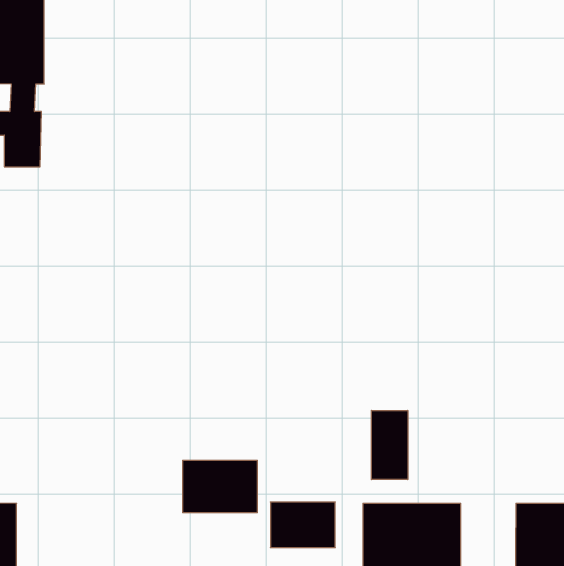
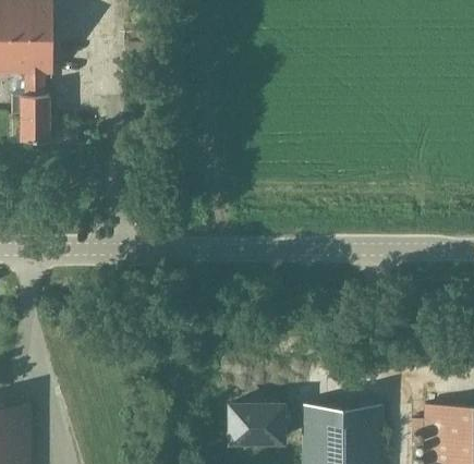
building: [371,410,408,480] -> none
building: [183,460,257,513] -> none

